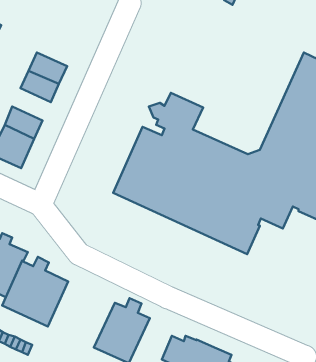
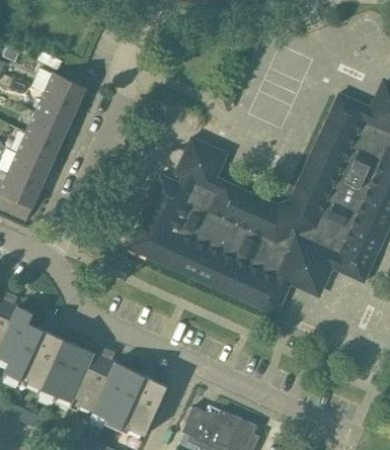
building: none -> [44,74,86,109]
building: none -> [16,133,59,169]
building: none -> [56,347,130,420]

